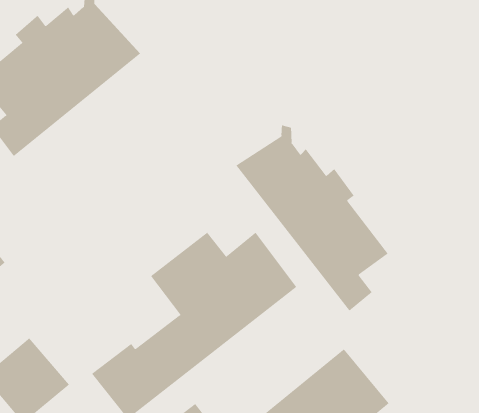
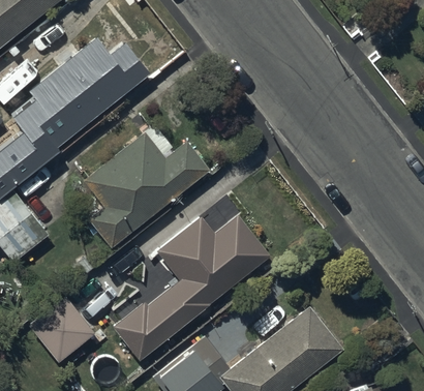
building: [236,124,389,311] -> none
building: none -> [83,132,209,247]

